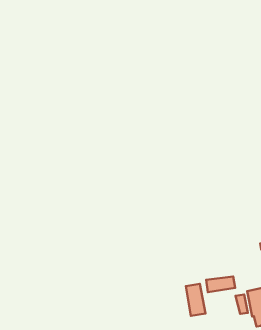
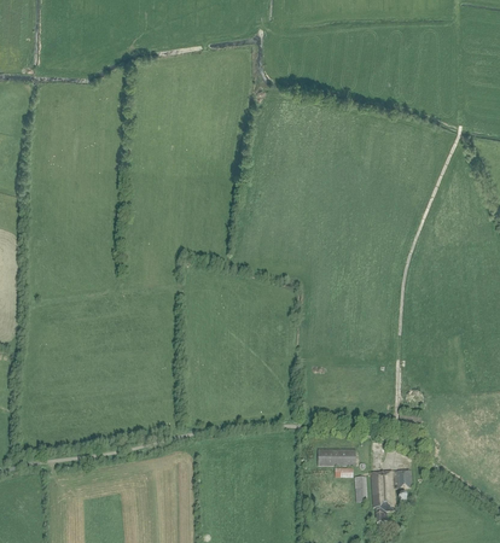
building: [186,284,205,316] -> none

